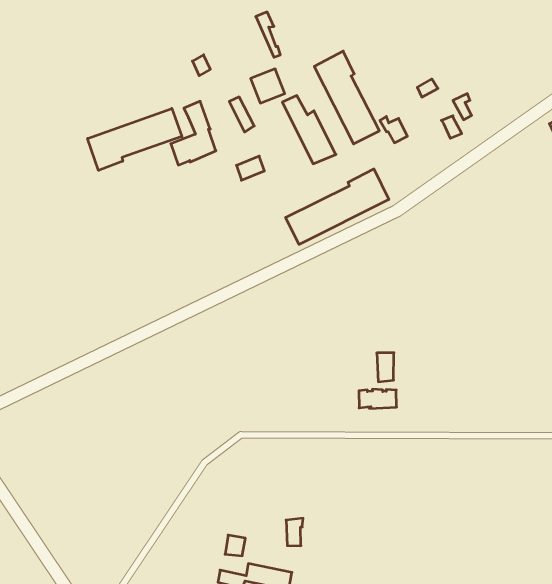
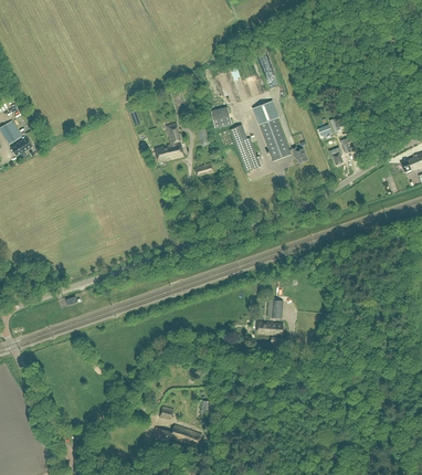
building: [88,108,182,170] -> none
building: [286,169,389,244] -> none

